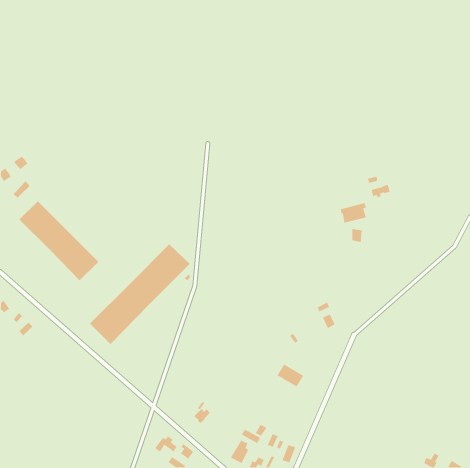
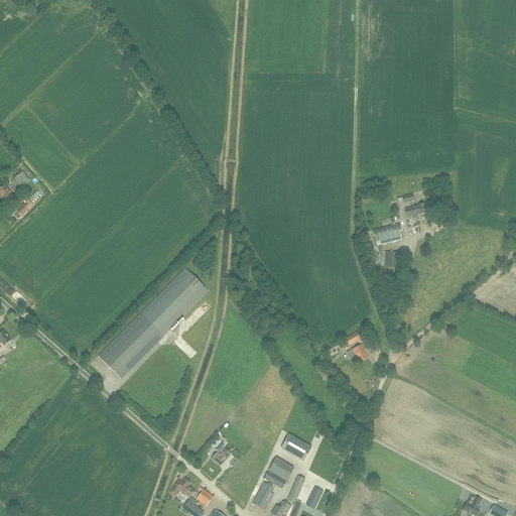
building: [19,201,99,281] -> none
building: [277,364,304,387] -> [281,433,311,460]

